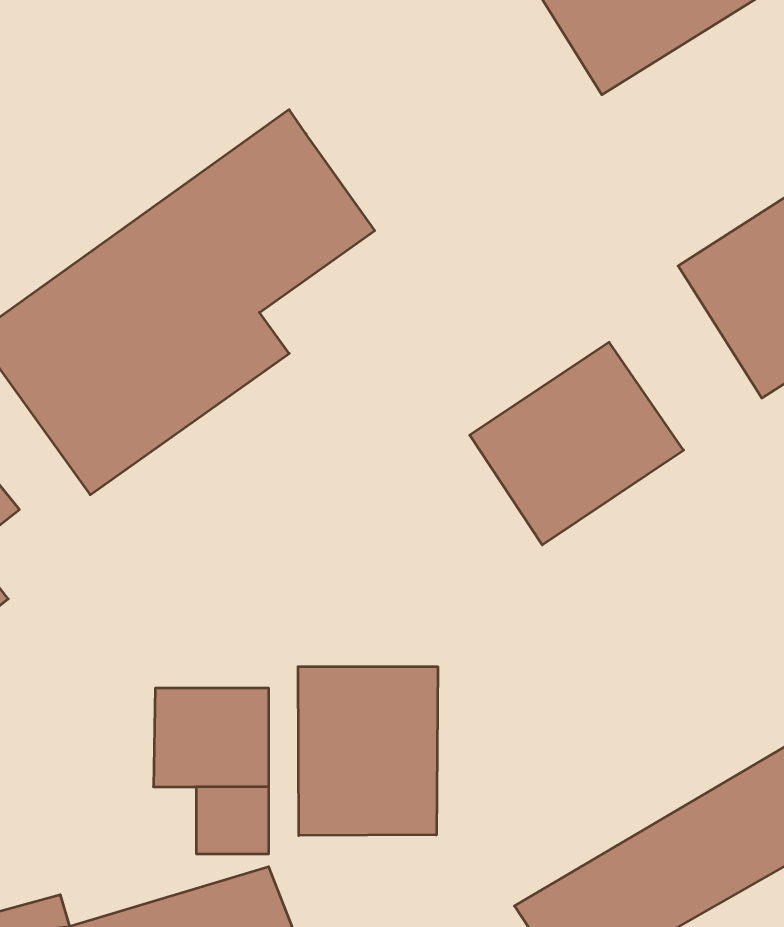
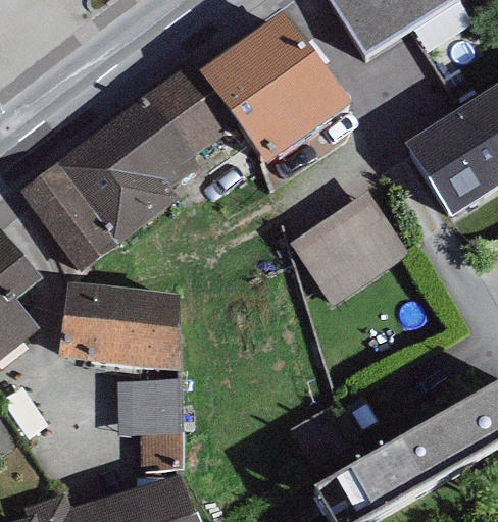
building: none -> [199,16,349,169]
building: none -> [57,282,182,368]
building: [298,667,438,836] -> none

